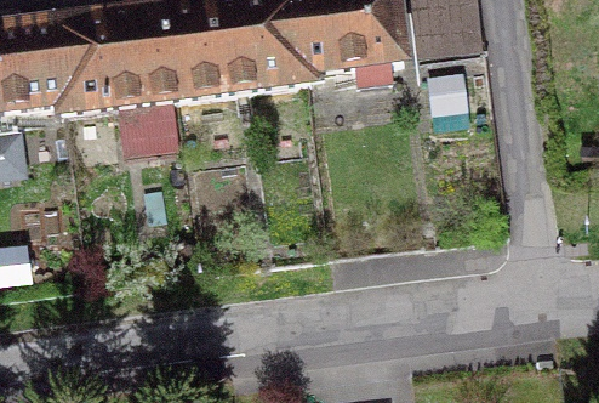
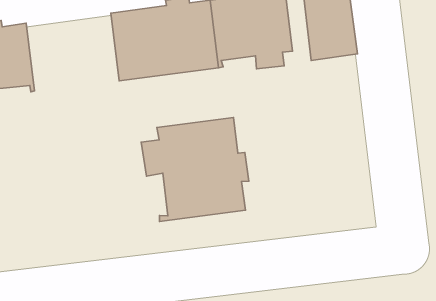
building: [55,17,178,163] -> none
building: none -> [141,117,249,221]

